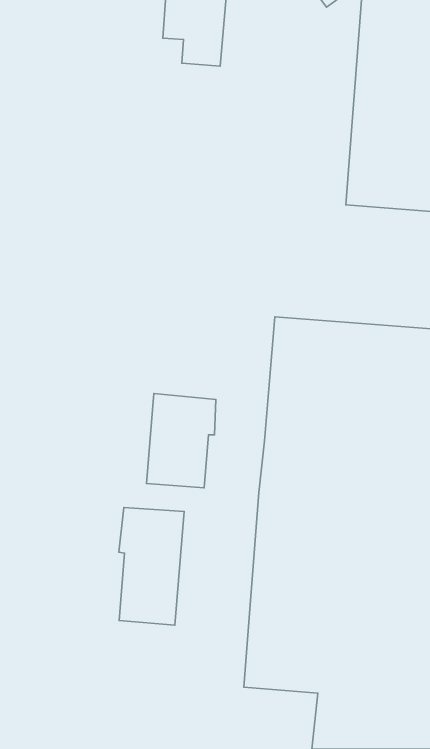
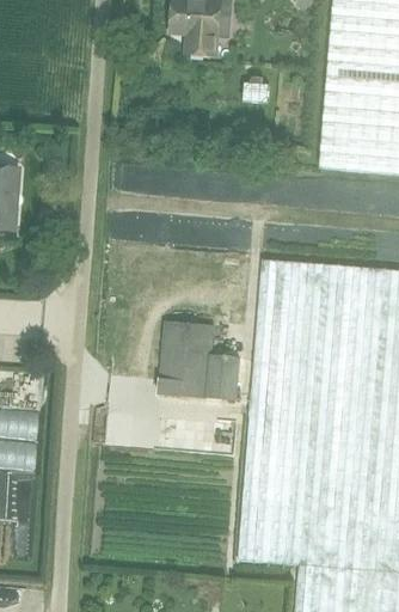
building: none -> [204,356,239,402]
building: [119,508,184,625] -> none

